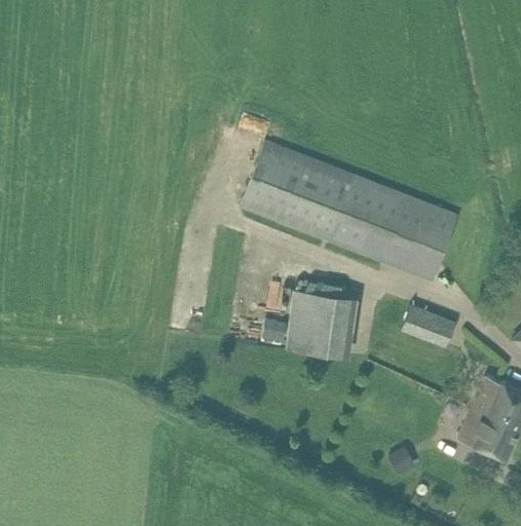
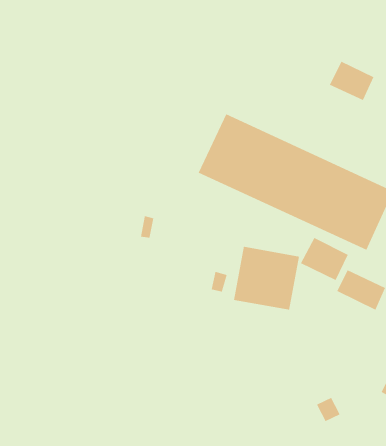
building: none -> [329,61,374,101]
building: none -> [300,237,348,281]

